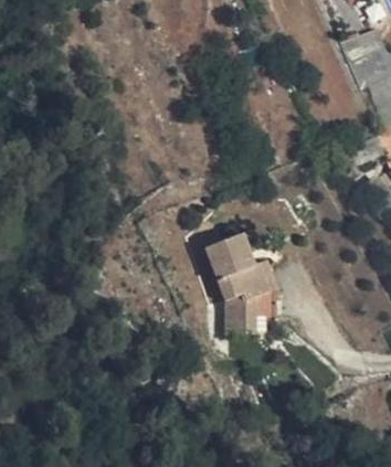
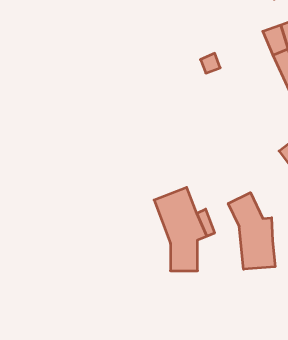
building: none -> [228,193,275,269]

